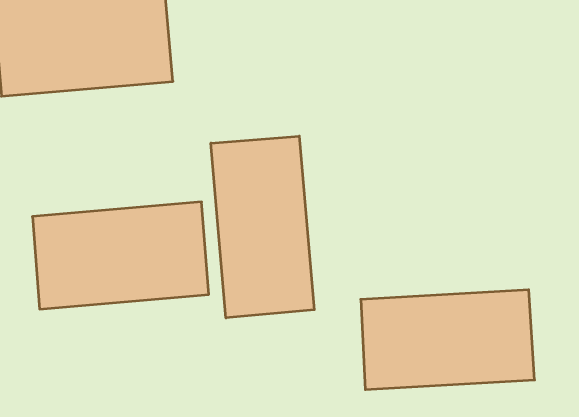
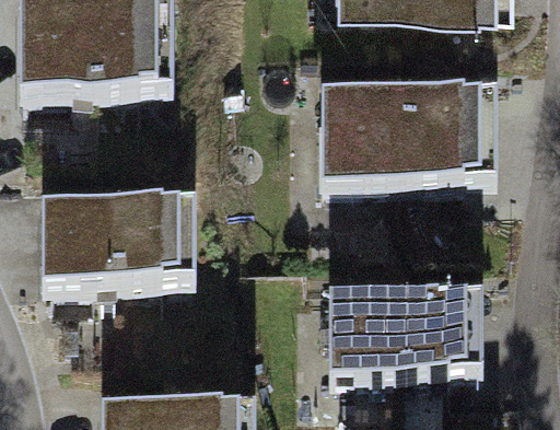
building: none -> [322,98,497,189]
building: [211,136,314,318] -> none

